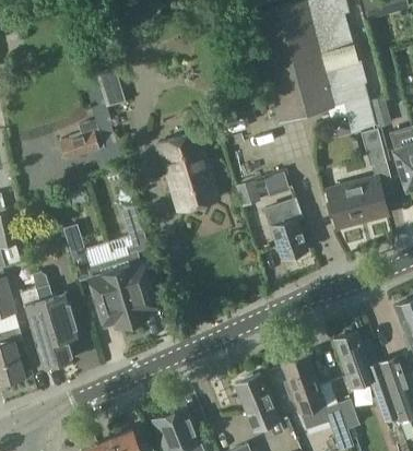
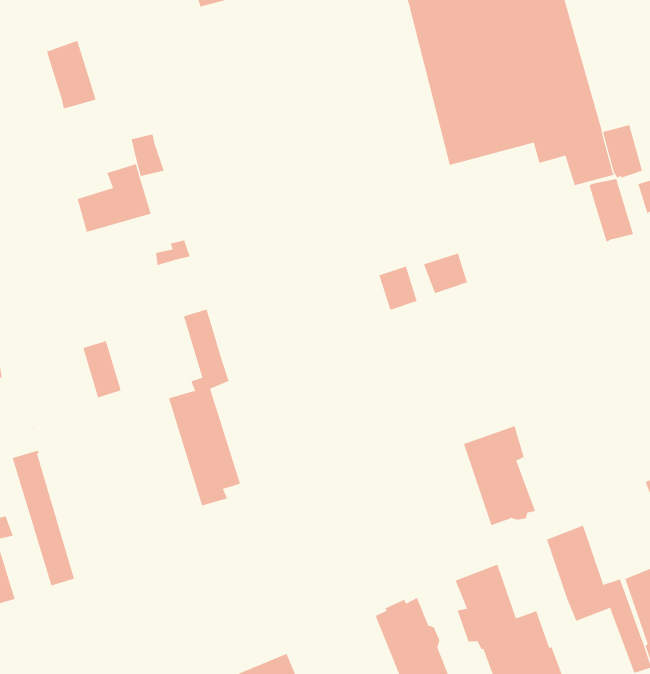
building: [96,68,126,108] -> [46,40,97,109]
building: [157,132,219,212] -> none
building: [328,177,389,227] -> none
building: [266,200,308,259] -> [463,425,536,526]
building: [88,258,133,327] -> none
building: [35,272,81,364] -> none

